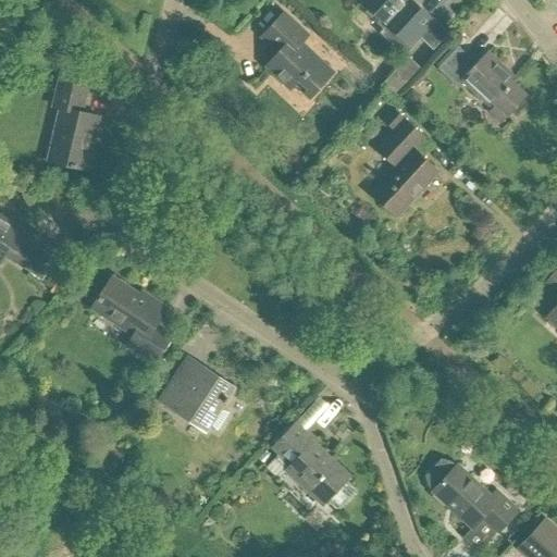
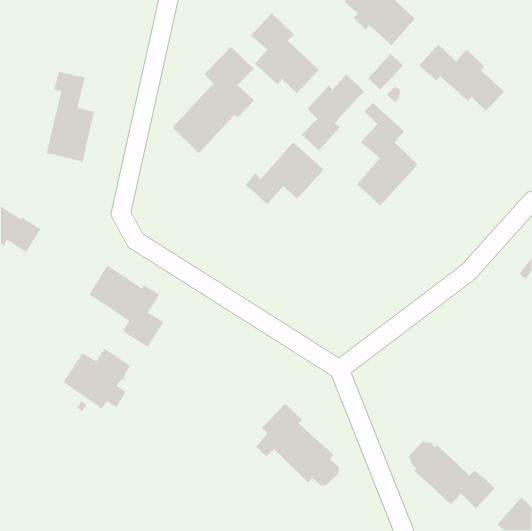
building: none -> [172,46,255,154]
building: none -> [301,74,365,151]
building: none -> [245,142,324,205]
building: [161,367,233,431] -> [62,348,131,409]

